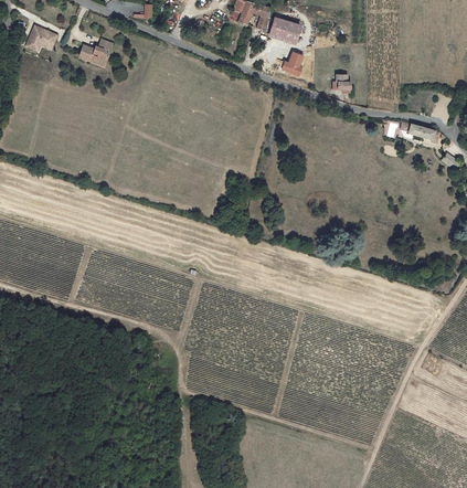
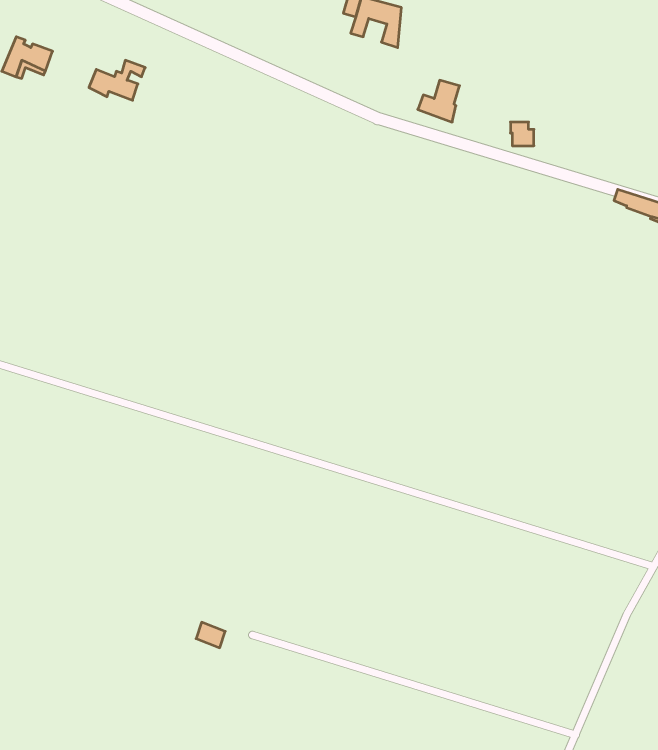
building: [270,20,303,41] -> none

